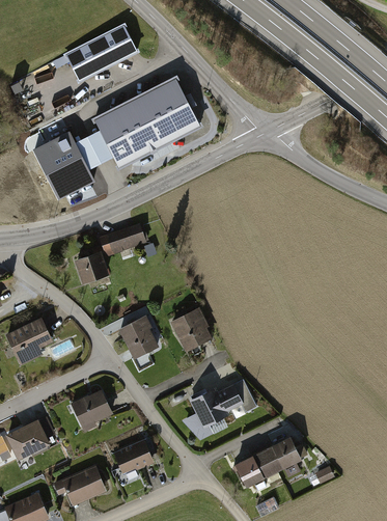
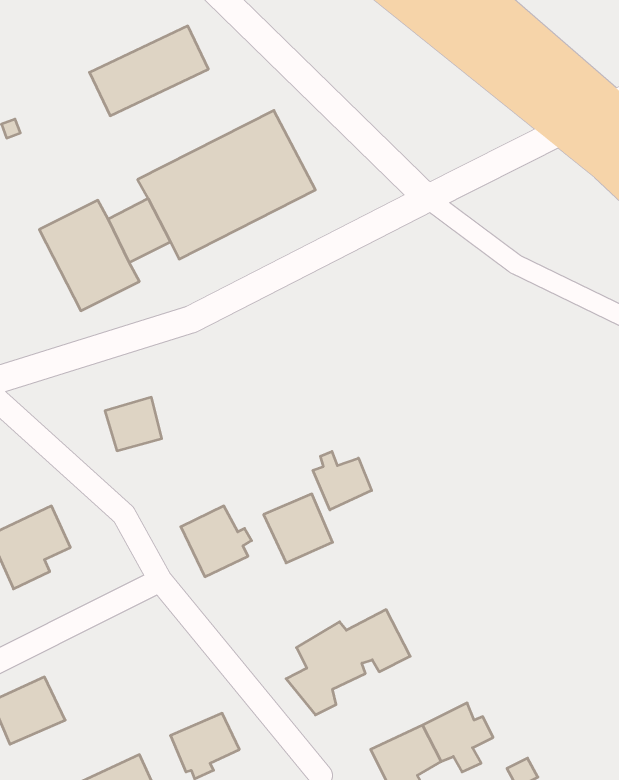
building: [100,222,146,255] -> none
building: none -> [313,451,372,510]
building: [71,388,115,429] -> none

